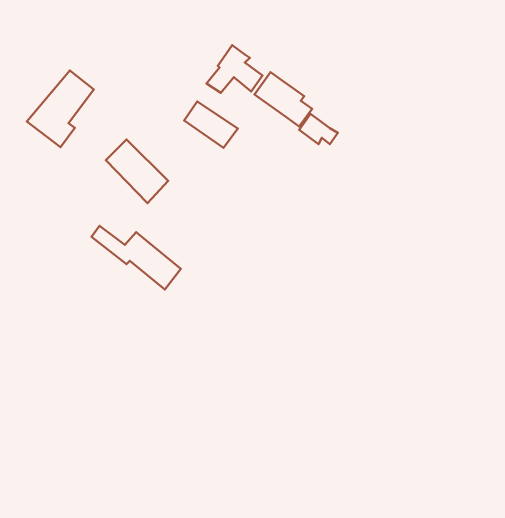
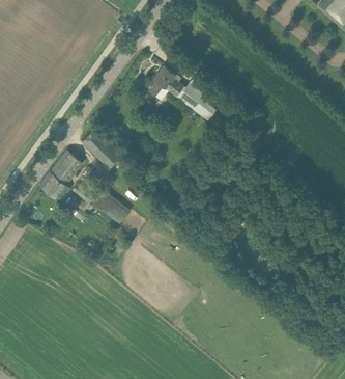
building: [27,70,94,147] -> [39,151,83,200]
building: [184,101,238,148] -> none

